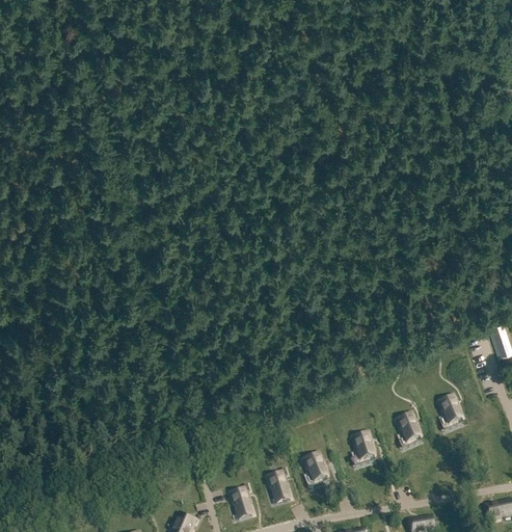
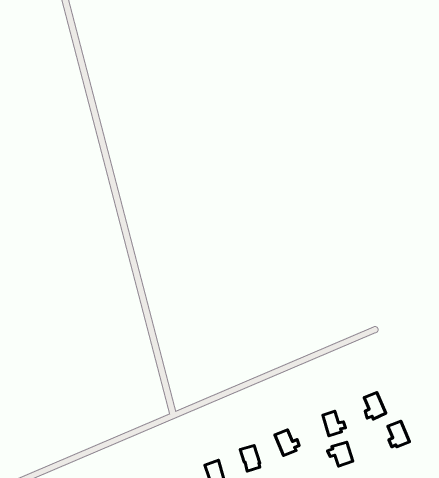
building: [438,398,461,425] -> [388,421,410,447]
building: none -> [327,442,353,466]

